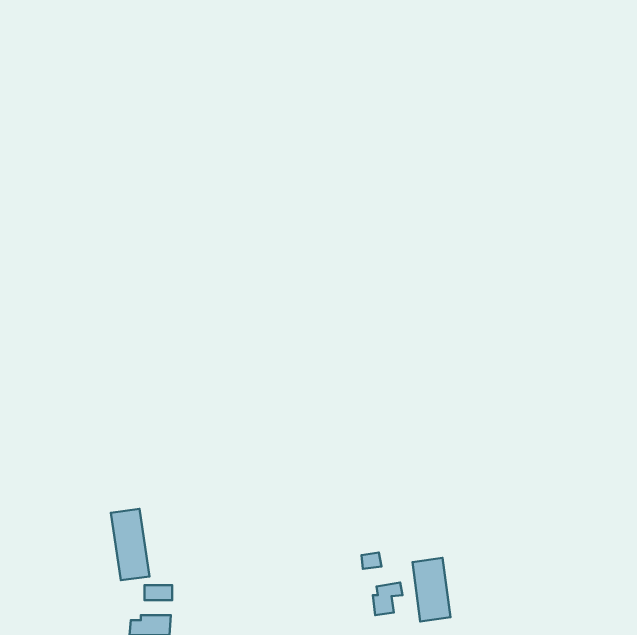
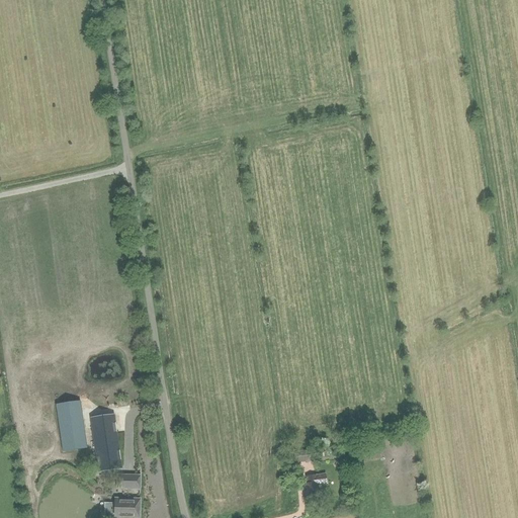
building: none -> [56,400,86,450]
building: [412,558,451,621] -> none

